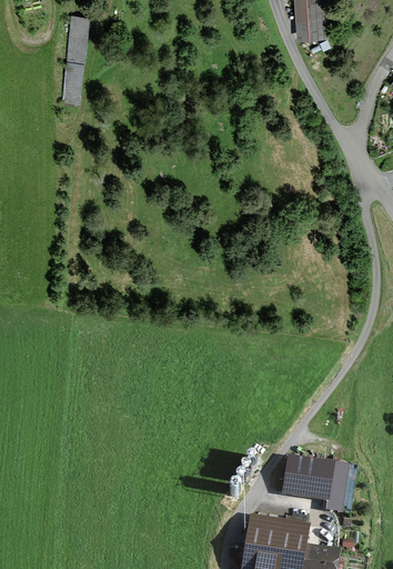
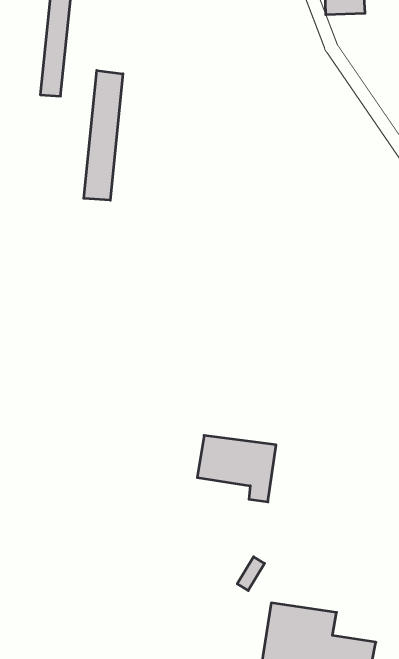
building: none -> [84,70,123,200]
building: [281,460,345,515] -> [197,435,276,502]

